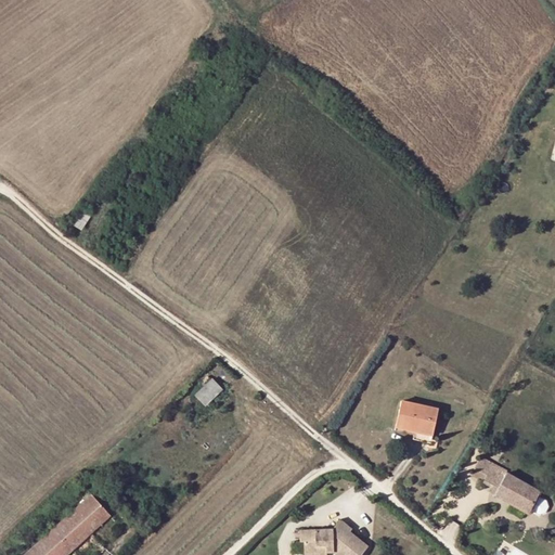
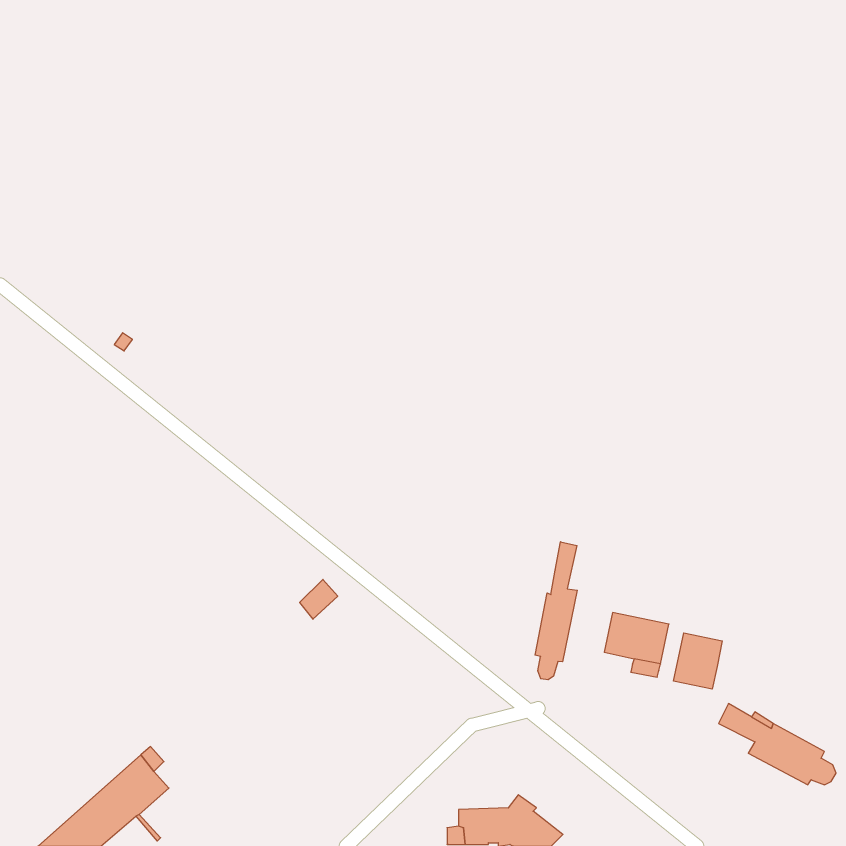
building: none -> [535,542,577,680]
building: none -> [674,633,722,689]

